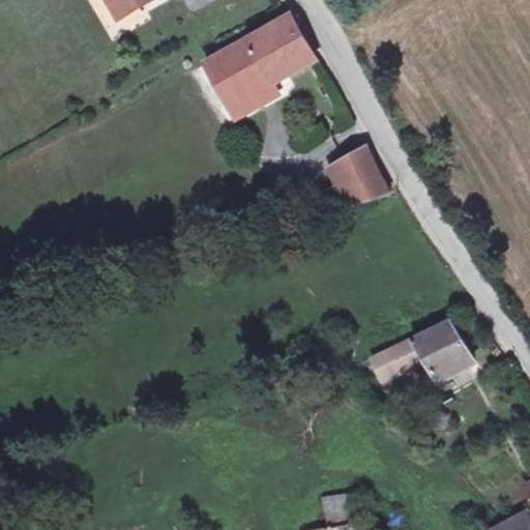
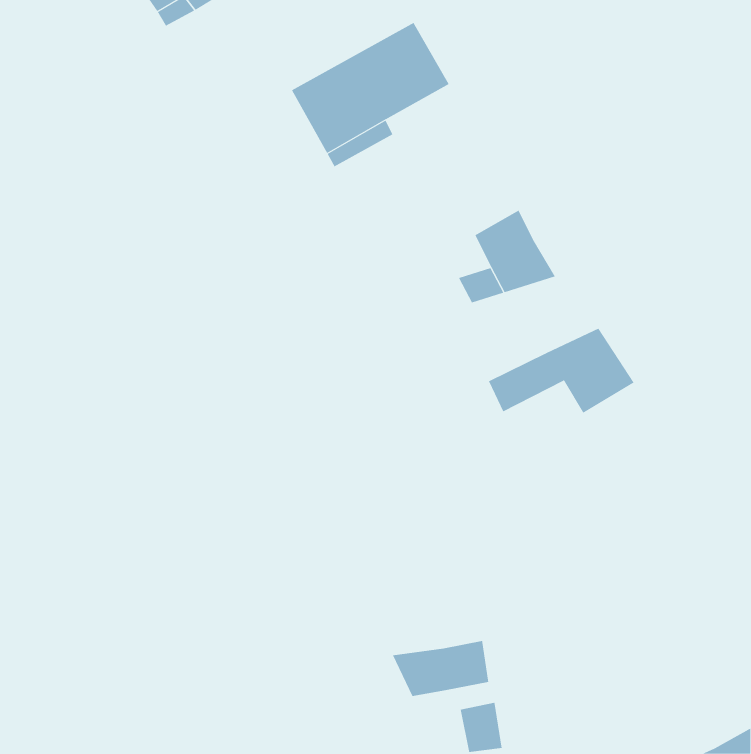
building: [370,321,472,381] -> [488,328,634,414]
building: none -> [392,640,489,697]

